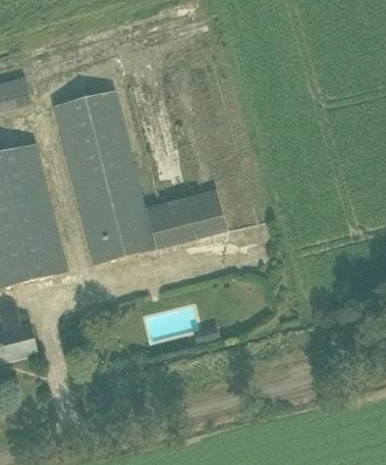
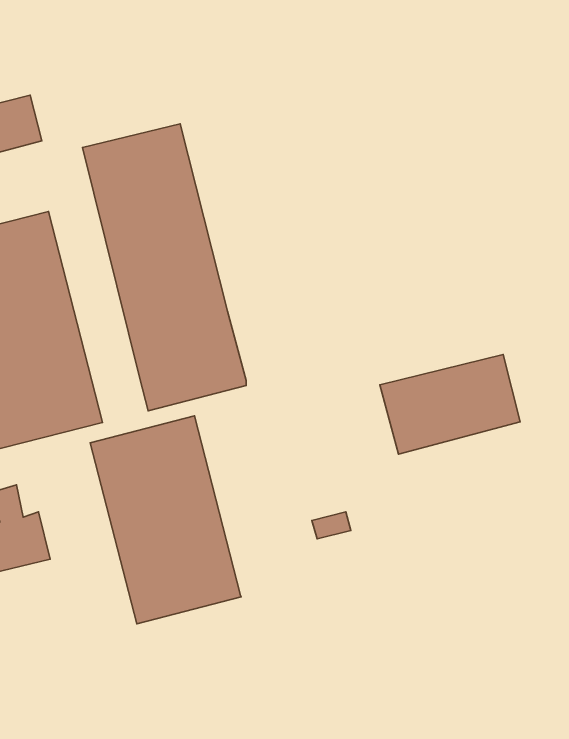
building: [143,187,227,247] -> [380,354,520,454]
building: none -> [90,416,241,624]

